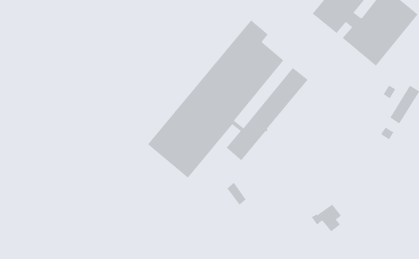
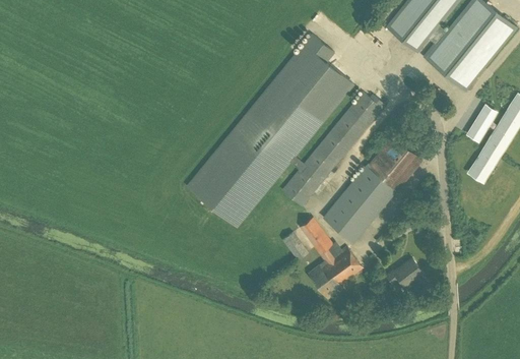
building: none -> [322,135,420,244]
building: none -> [299,218,362,299]

